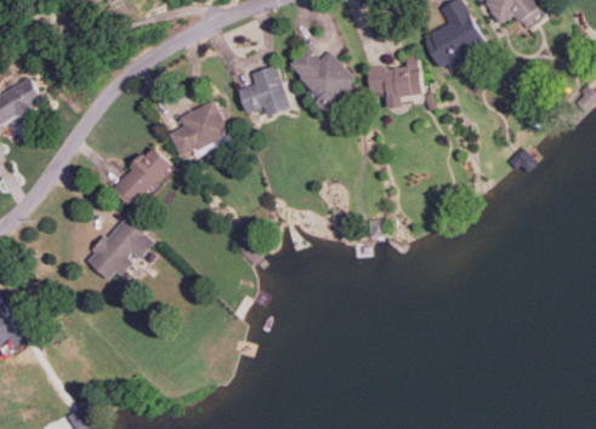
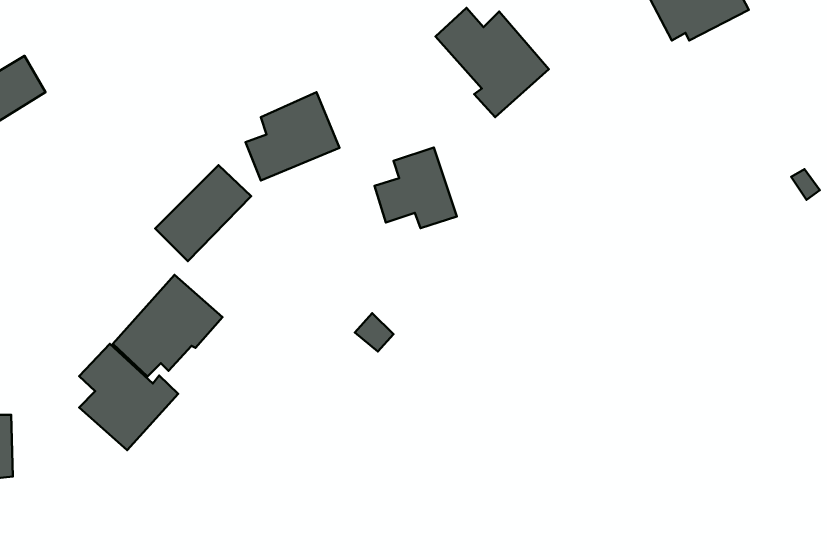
building: [367,55,421,109] -> none
building: [238,65,290,116] -> [374,147,457,228]
building: none -> [79,344,178,450]

